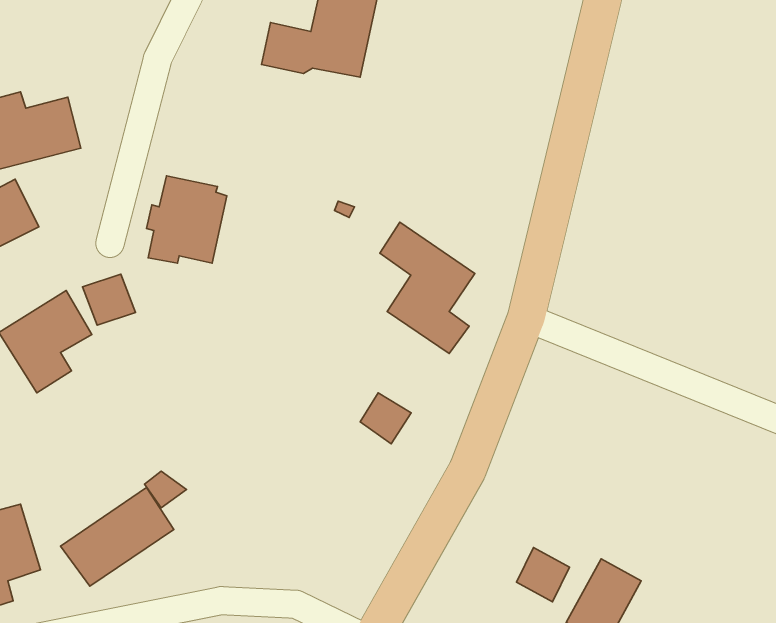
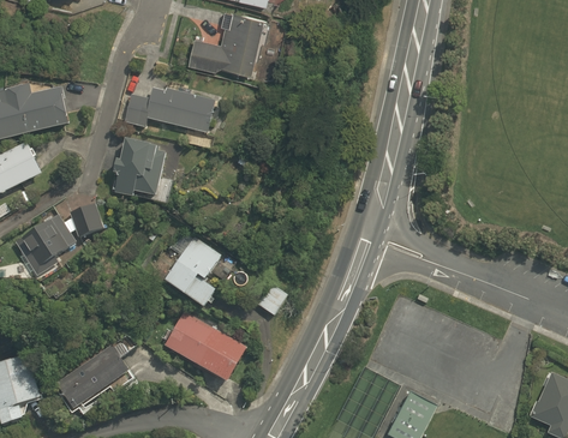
building: none -> [124,85,215,133]
building: [380,222,475,354] -> [159,221,221,307]
building: none -> [165,312,247,382]
building: [517,547,570,602] -> none

